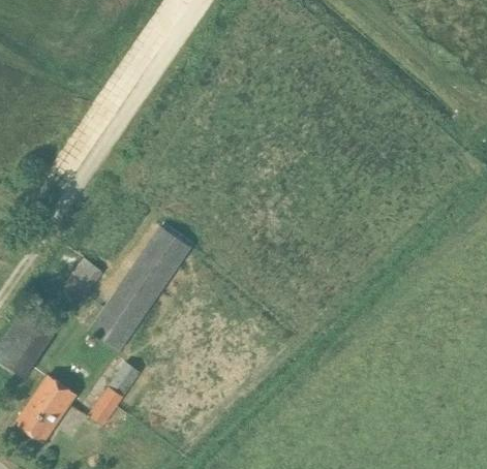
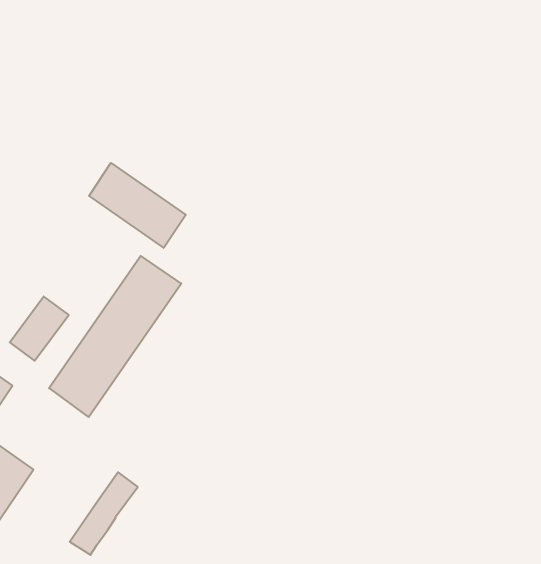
building: none -> [89,163,186,248]
building: [87,361,141,426] -> [70,472,138,555]

